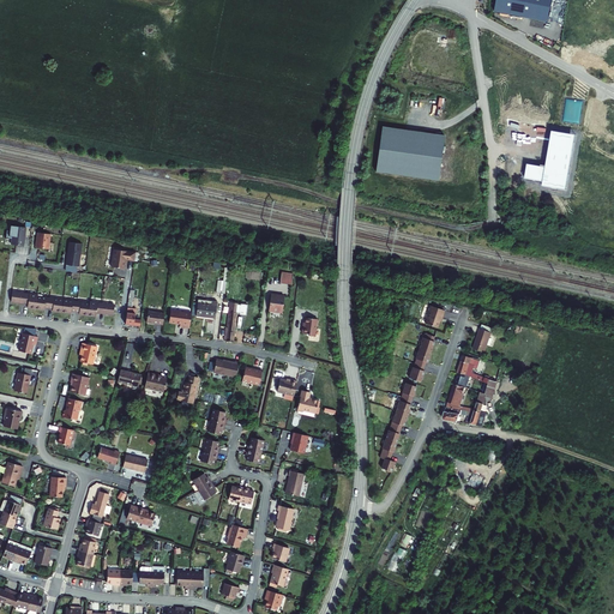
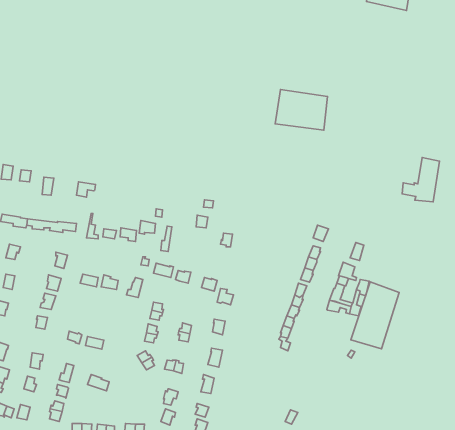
building: [525,131,574,189] -> [402,158,439,202]
building: none -> [351,282,399,349]

